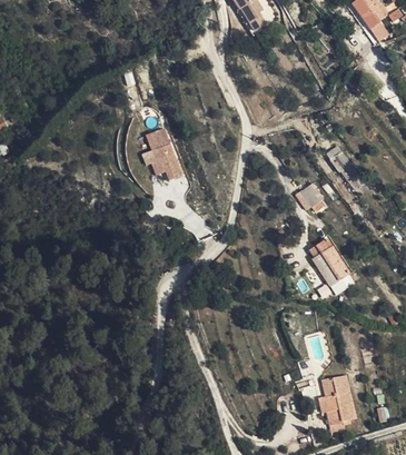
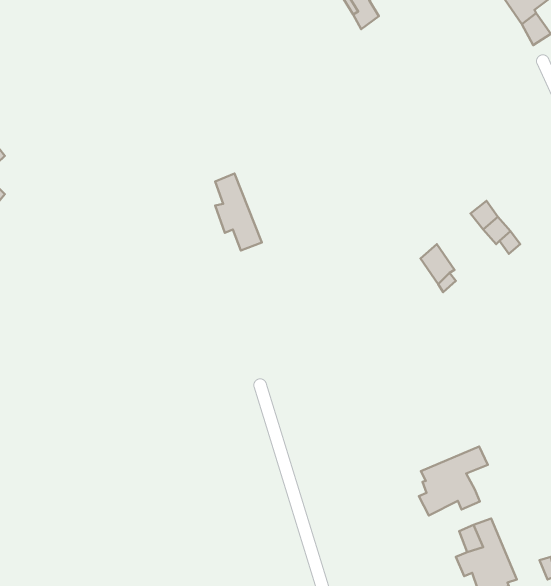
building: [304,237,341,286] -> none
building: none -> [419,447,488,516]

